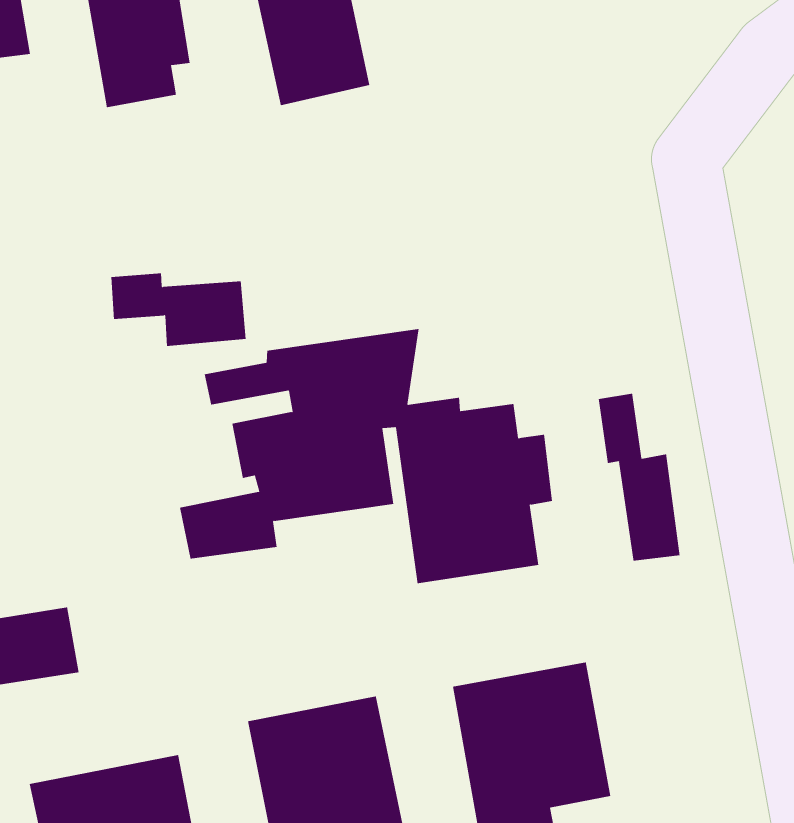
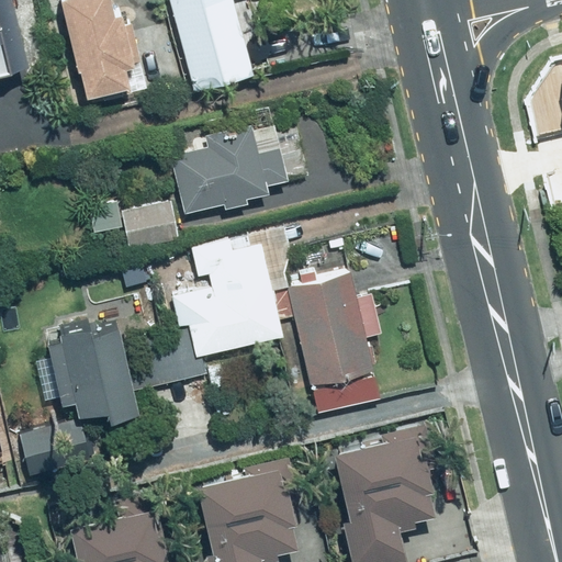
building: none -> [175,126,291,214]
building: [598,393,680,562] -> none
building: none -> [47,326,134,422]

